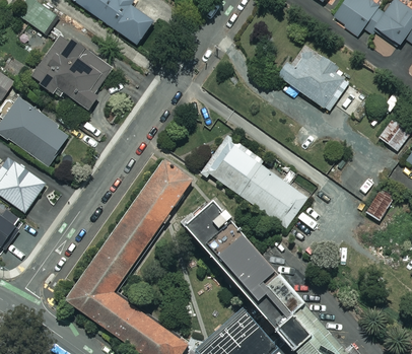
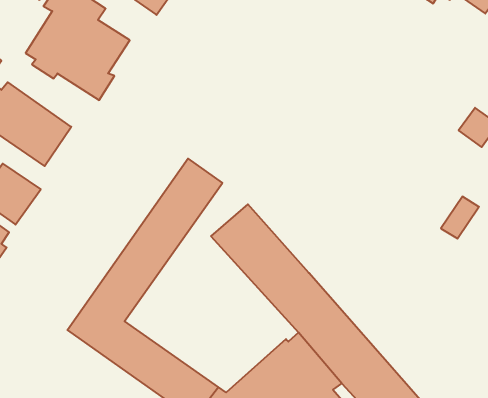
building: [276,45,350,112] -> none
building: [202,134,308,228] -> none

